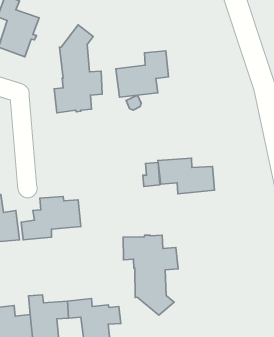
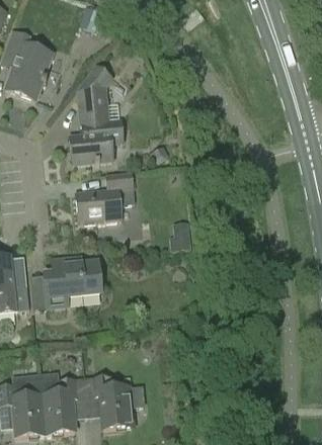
building: [116,51,168,97] -> [74,172,134,225]
building: [158,158,214,194] -> none
building: [123,235,178,315] -> none

